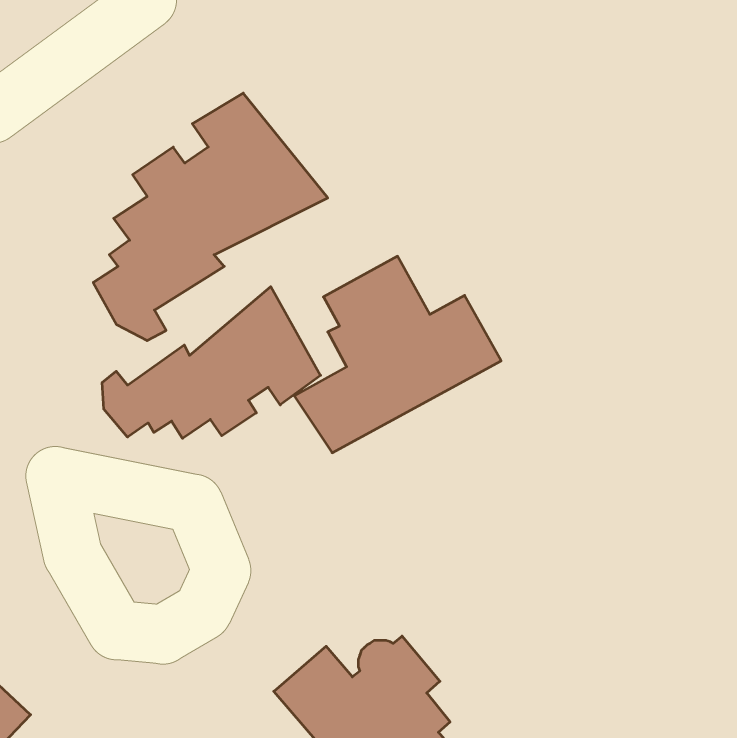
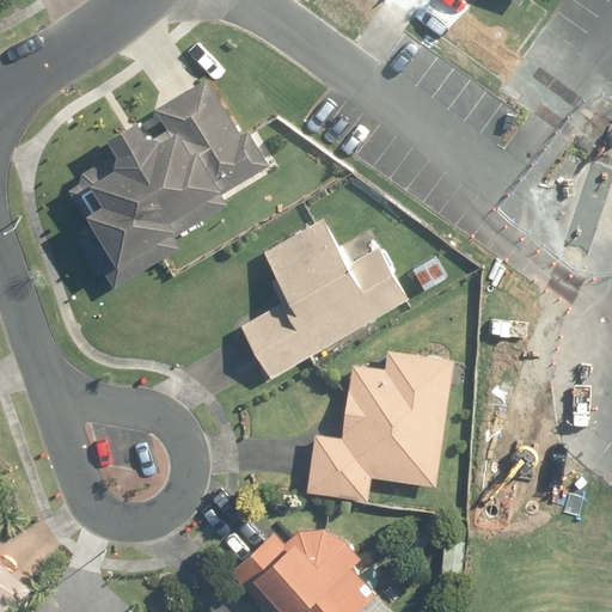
building: [102,287,321,438] -> none
building: none -> [308,354,451,500]

